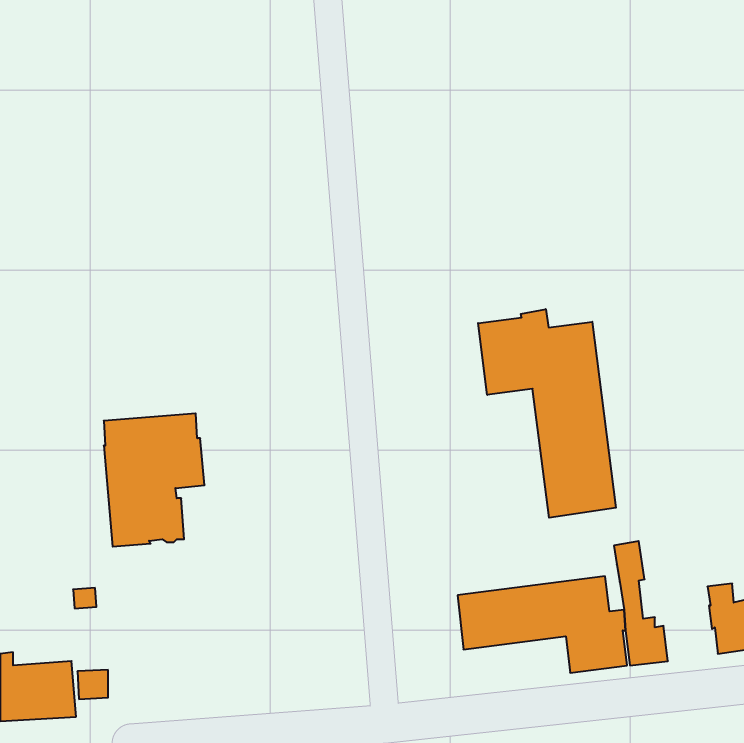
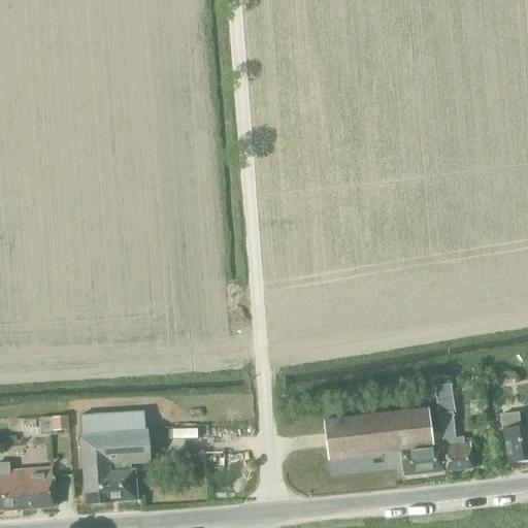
building: [478,309,616,518] -> none
building: [104,413,205,547] -> [80,409,152,503]

